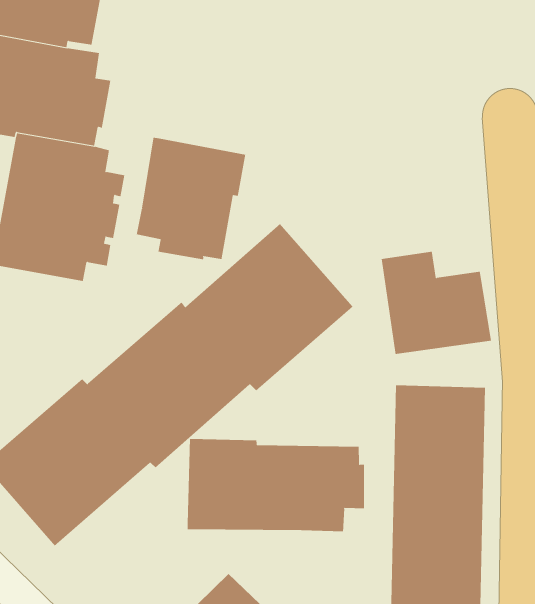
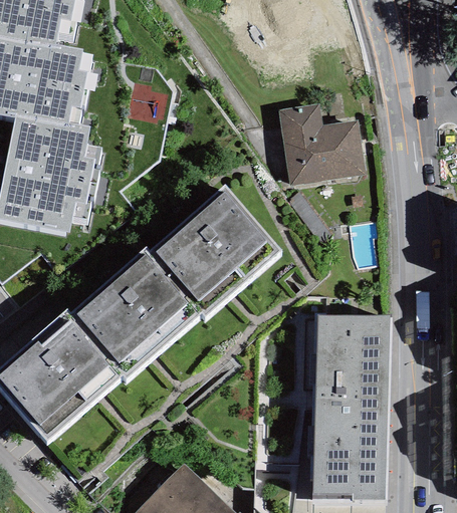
building: [136,137,246,260] -> none
building: [381,251,492,355] -> [277,104,366,187]
building: [187,438,365,532] -> none

